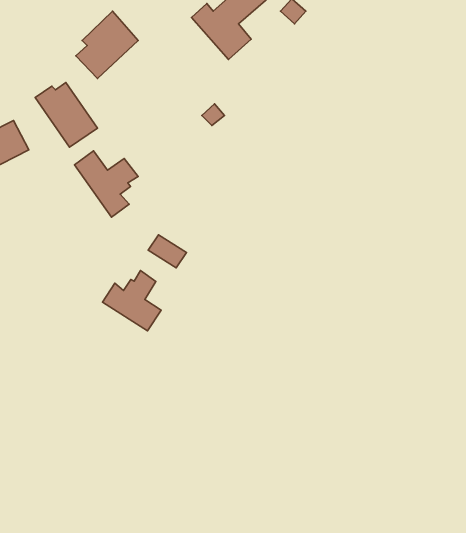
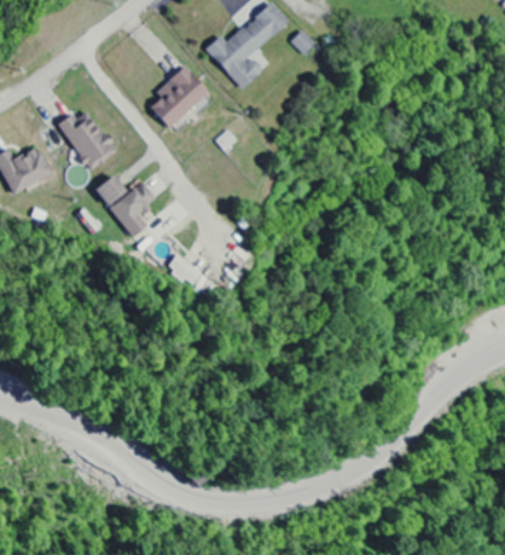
building: [76,11,138,79] -> [150,64,209,128]
building: [103,270,161,331] -> none

